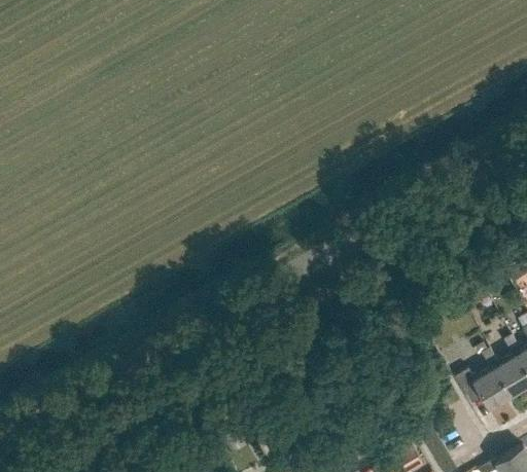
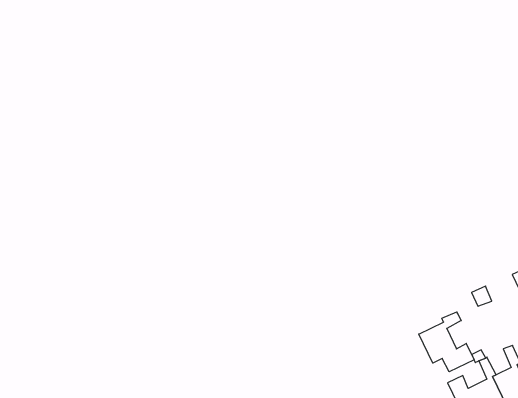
building: none -> [419,312,474,372]

